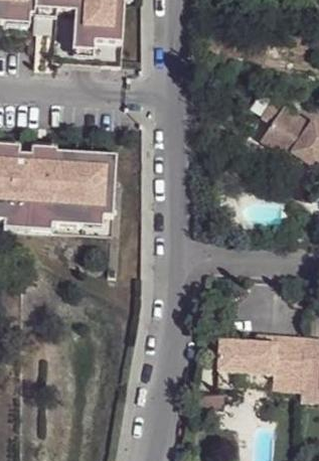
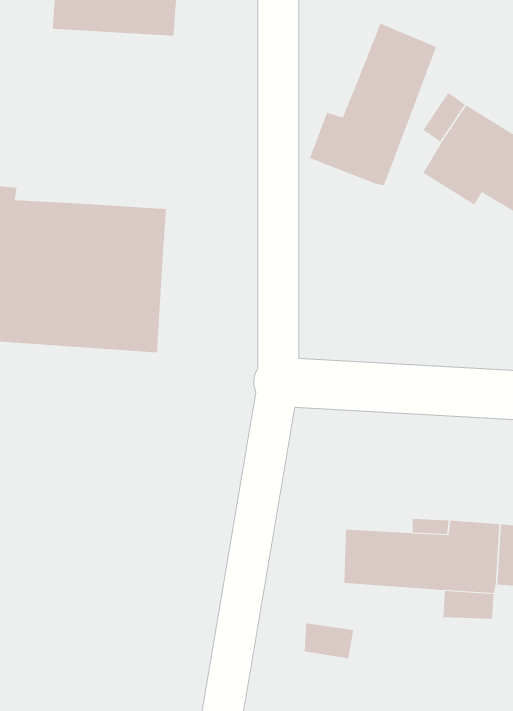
building: none -> [309,23,437,186]

